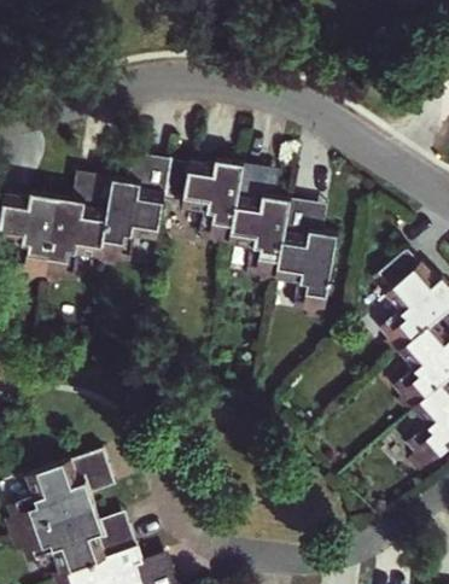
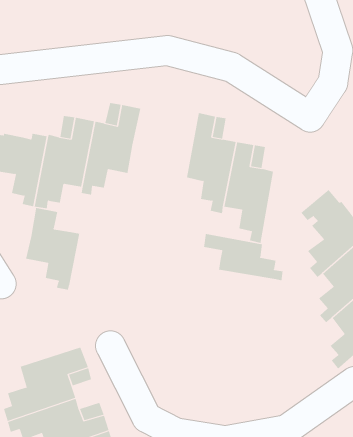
building: [167,157,246,249] -> none
building: none -> [26,207,80,291]
building: none -> [204,233,283,281]

